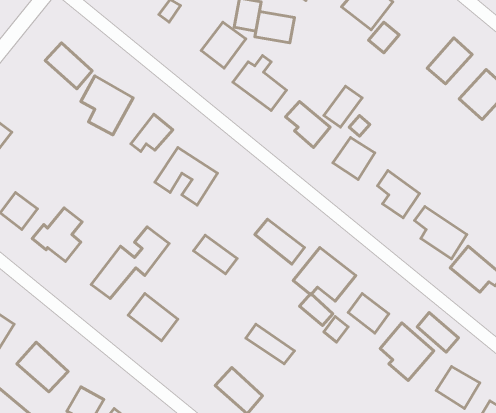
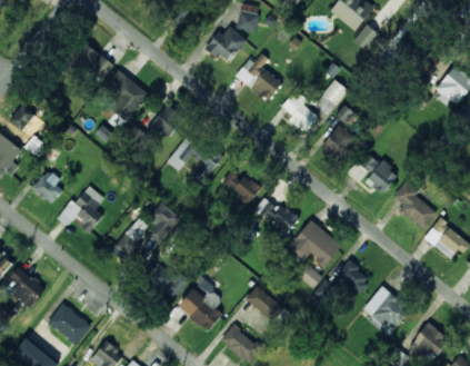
building: [255,12,295,43] -> none
building: [427,38,472,84] -> none
building: [194,235,237,274] -> [222,169,260,202]
building: [417,313,458,352] -> none
building: none -> [179,279,223,333]

